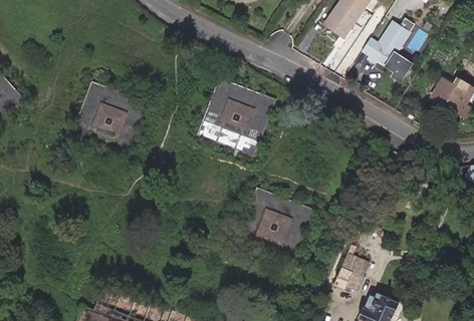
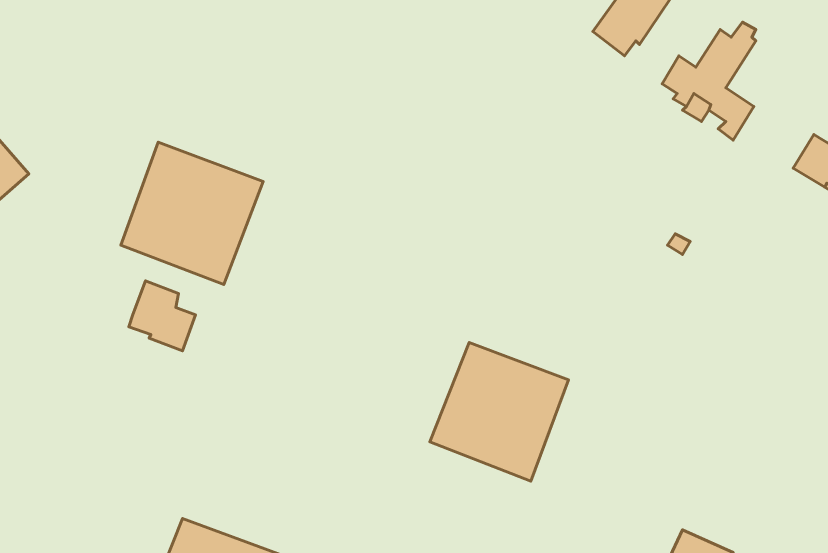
building: [200,80,274,154] -> none
building: none -> [129,281,195,351]
building: [333,244,370,291] -> none

